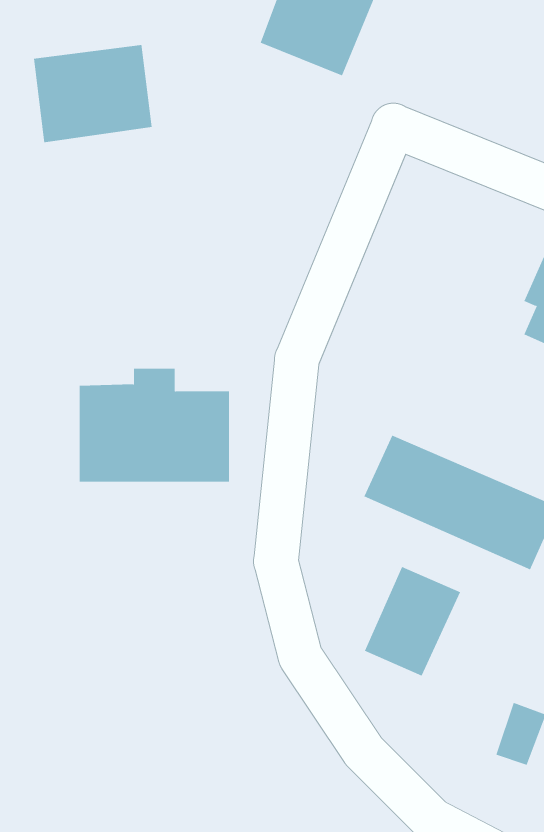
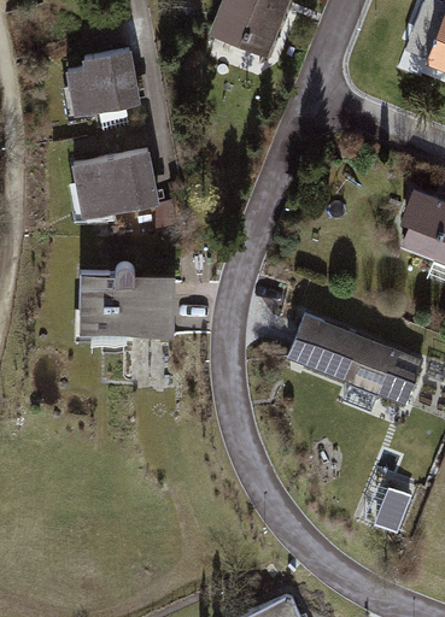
building: none -> [60,142,153,213]
building: [364,566,461,677] -> none

